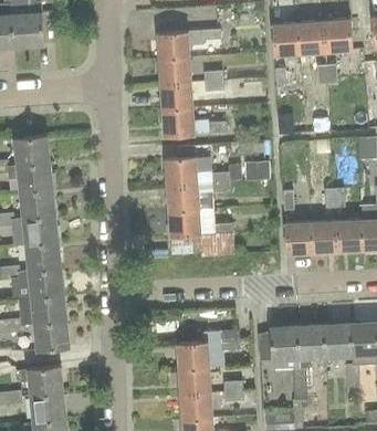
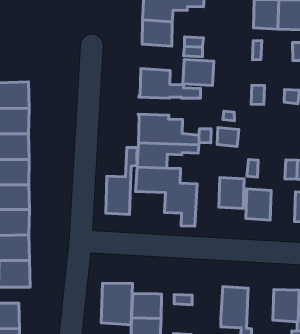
building: [160,83,192,109] -> [183,59,214,86]
building: none -> [106,147,137,214]
building: [310,221,337,253] -> [219,177,244,208]
building: [296,325,325,368] -> none
building: none -> [101,283,132,325]

